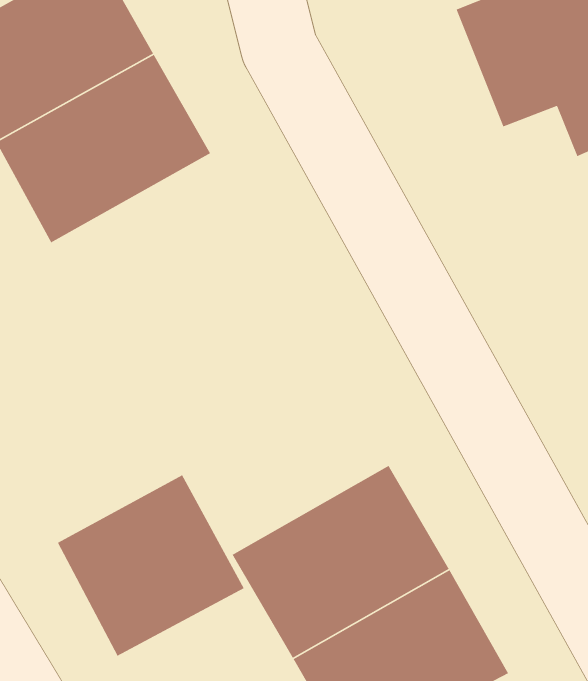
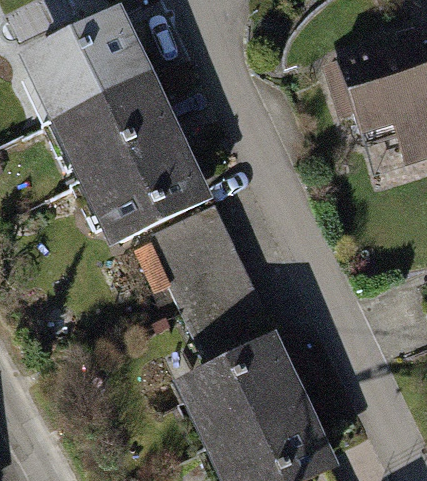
building: none -> [78,135,210,247]
building: none -> [160,226,262,343]
building: [57,474,245,657] -> none

